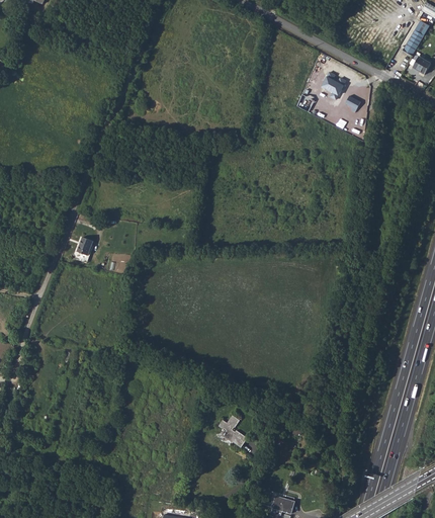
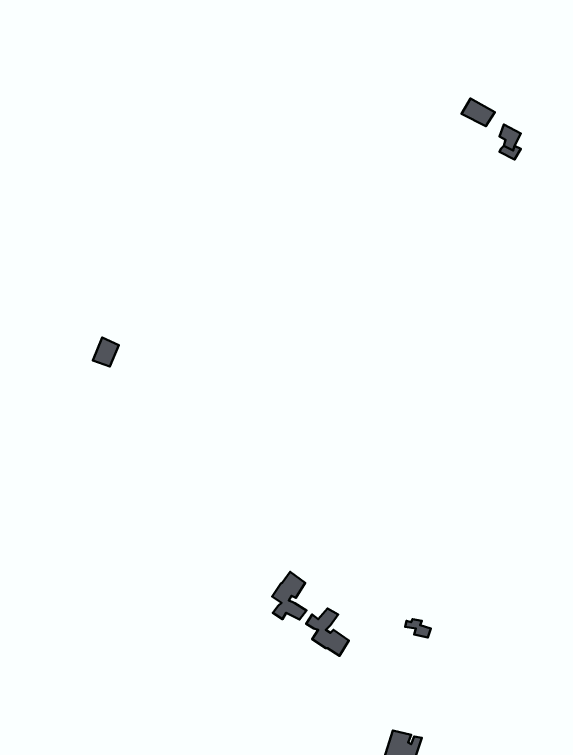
building: none -> [272,572,307,620]

